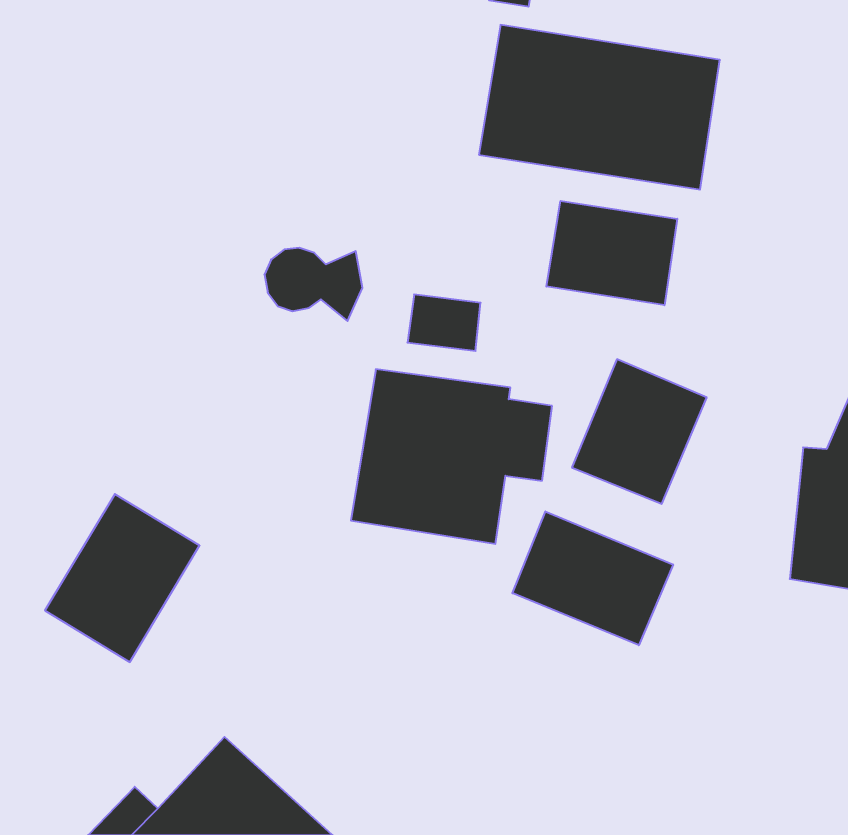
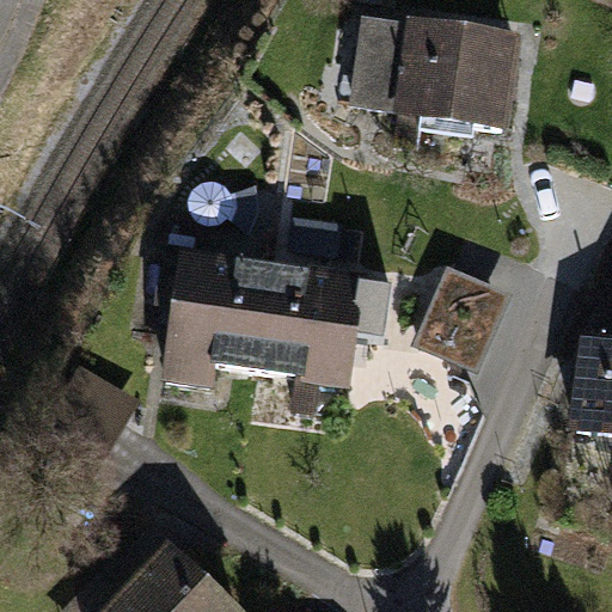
building: [546,201,677,305] -> none
building: none -> [165,252,271,390]
building: [512,511,673,645] -> none

